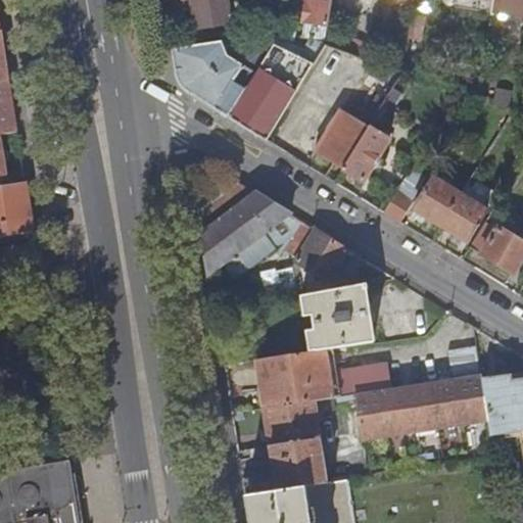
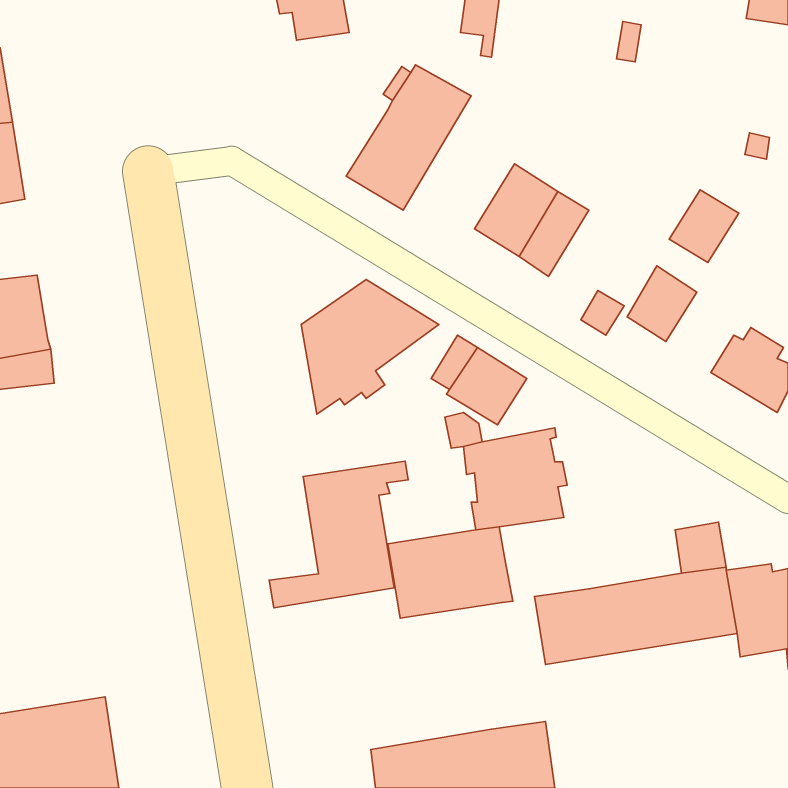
building: [173,41,256,116] -> none
building: [440,193,486,241] -> [669,190,739,263]
building: [334,363,389,397] -> none
building: [242,398,334,495] -> [269,461,408,608]

